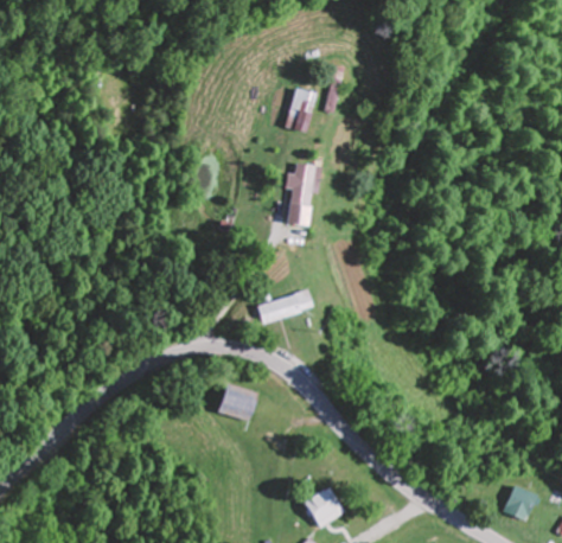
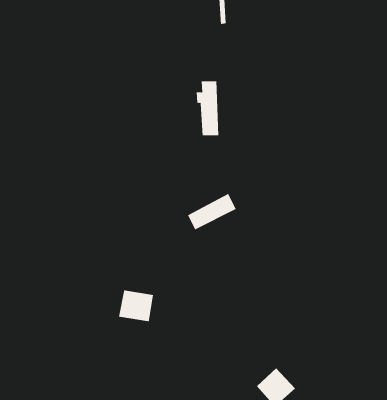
building: [288,90,313,132] -> none
building: [218,383,261,422] -> [118,290,154,322]

